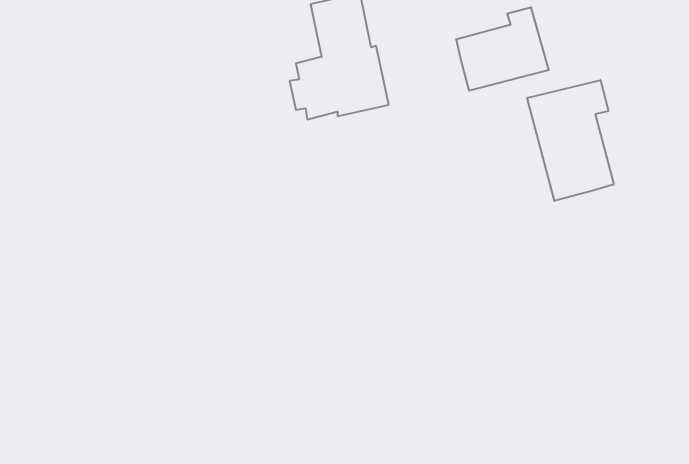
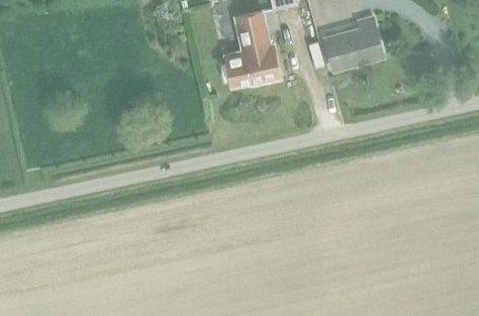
building: [527,80,614,201] -> none

